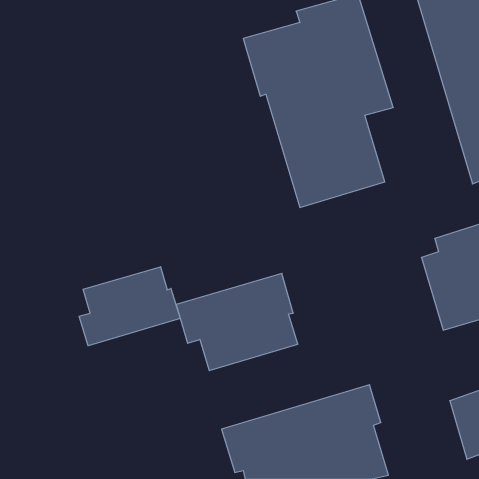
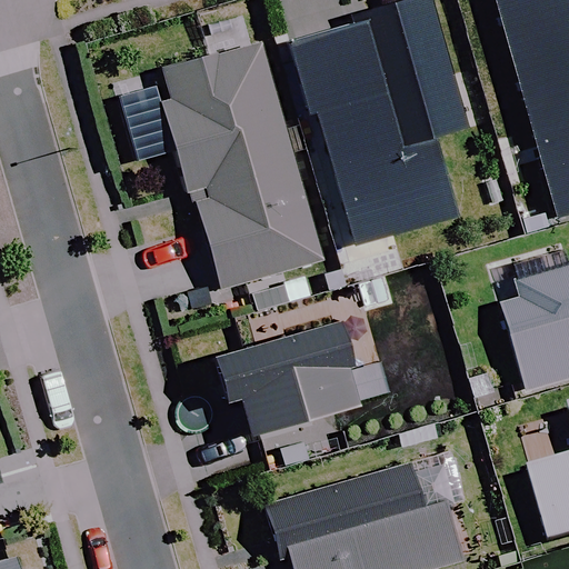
building: none -> [161,44,325,291]
building: [79,267,180,346] -> none

